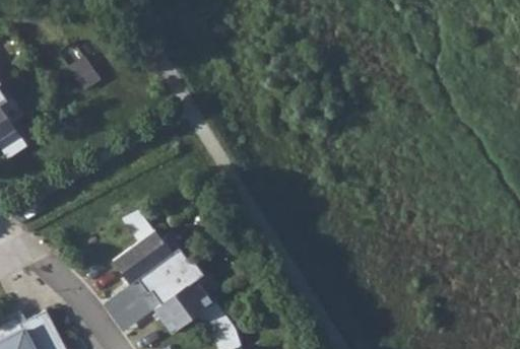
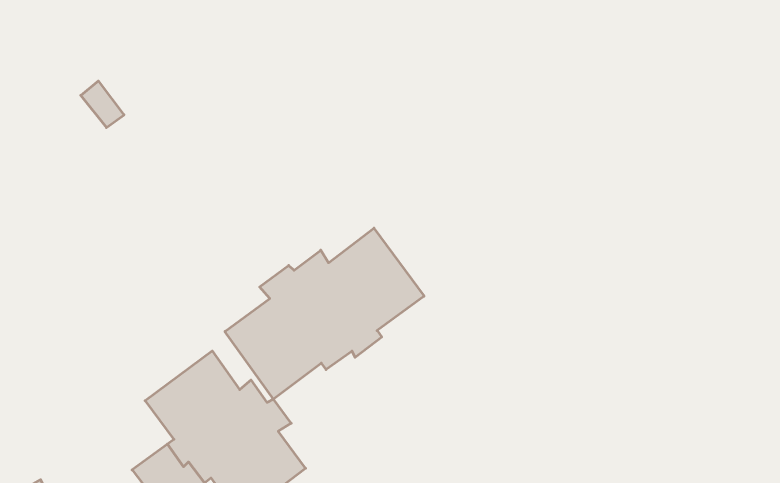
building: none -> [225,228,424,399]

